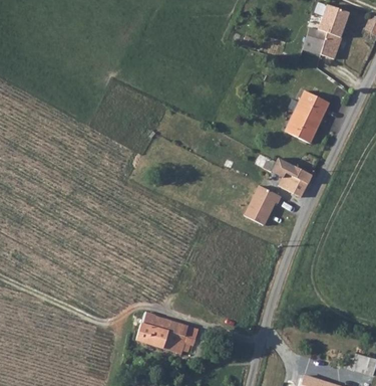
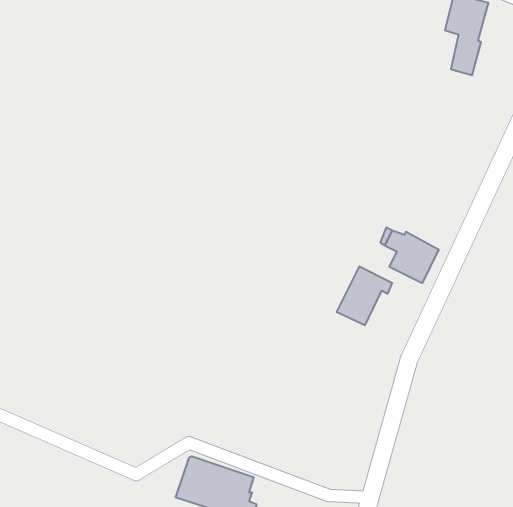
building: [304,26,325,54] -> none
building: [288,91,330,144] -> none

